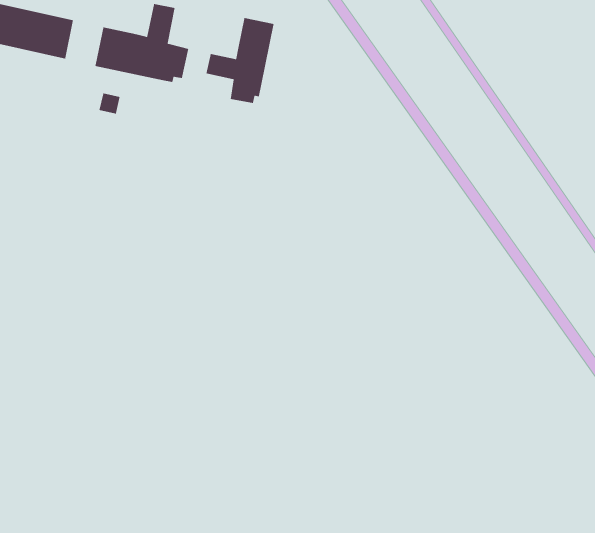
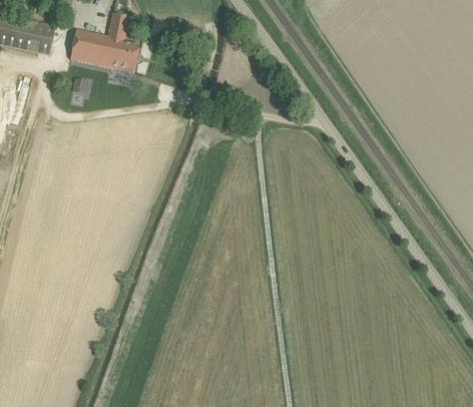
building: [206,17,275,104] -> none

